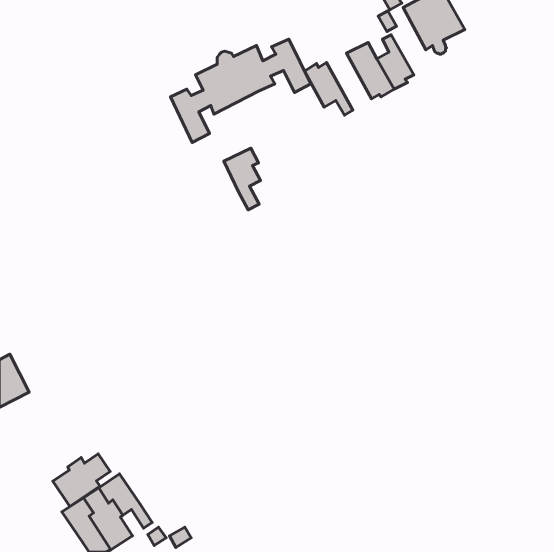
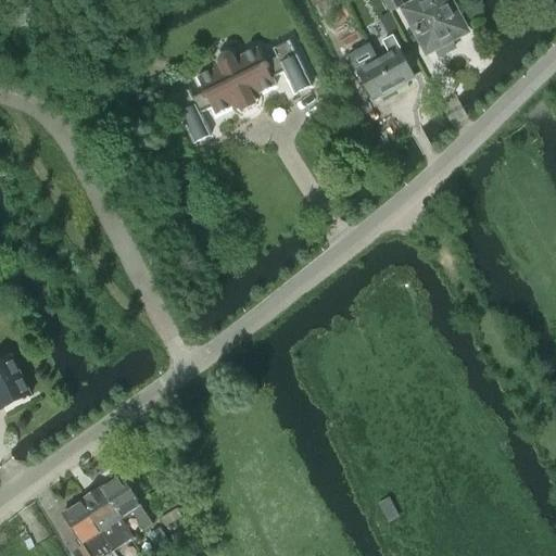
building: [305,63,353,115] -> none
building: [224,148,260,210] -> none
building: [53,454,110,507] -> none

